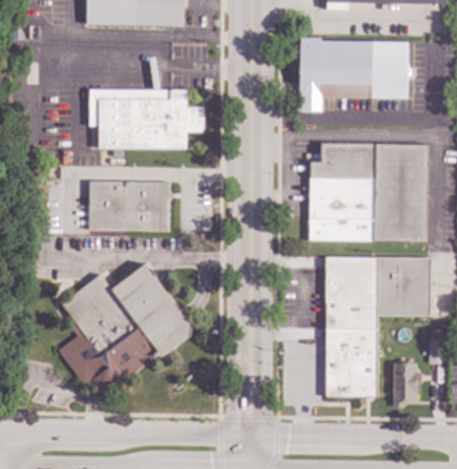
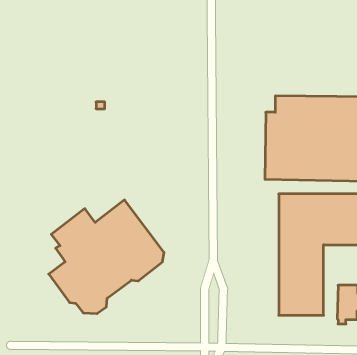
building: [299,37,408,99] -> none
building: [89,89,204,148] -> none
building: [88,180,174,230] -> none

